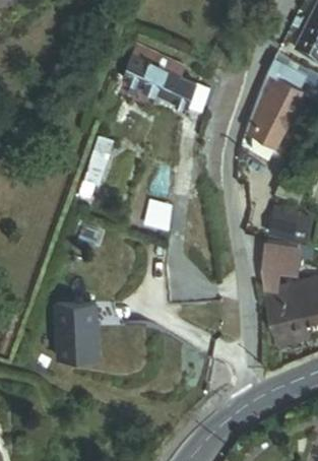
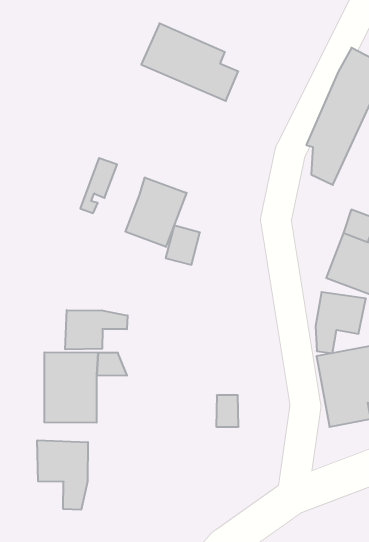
building: none -> [125,177,187,247]
building: none -> [65,310,128,349]
building: none -> [37,440,88,510]

